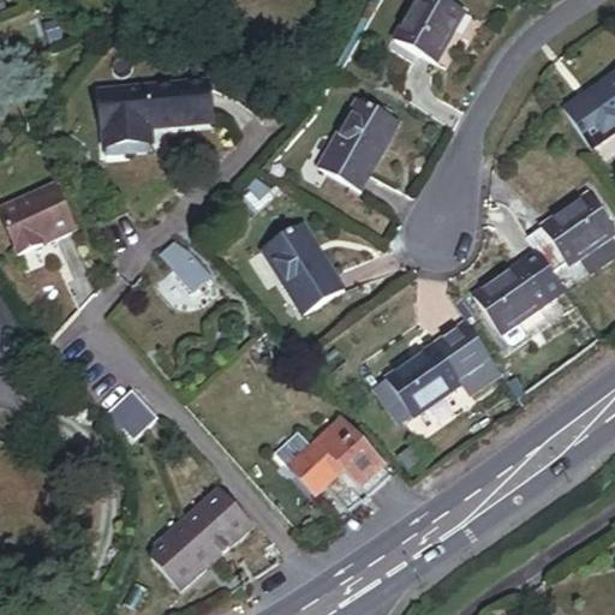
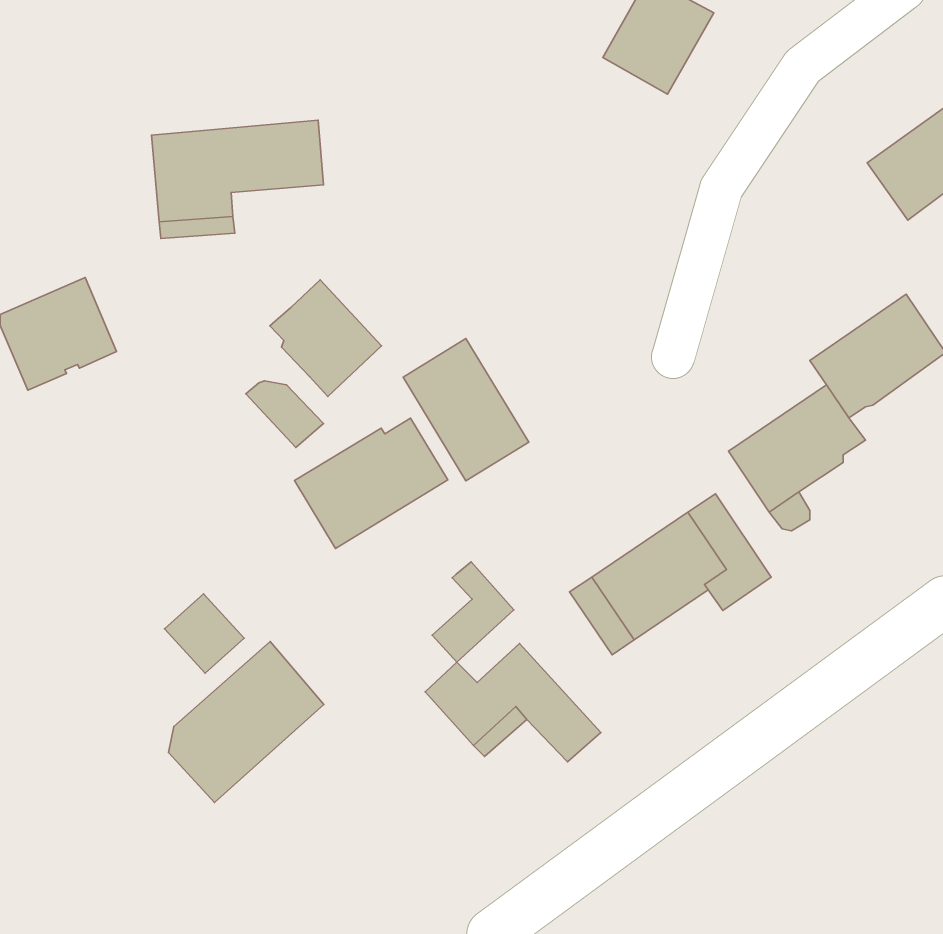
building: [318,97,400,190] -> none
building: none -> [270,280,382,397]
building: none -> [295,418,448,548]
building: none -> [432,562,514,662]
building: [151,485,252,590] -> [168,642,324,802]

